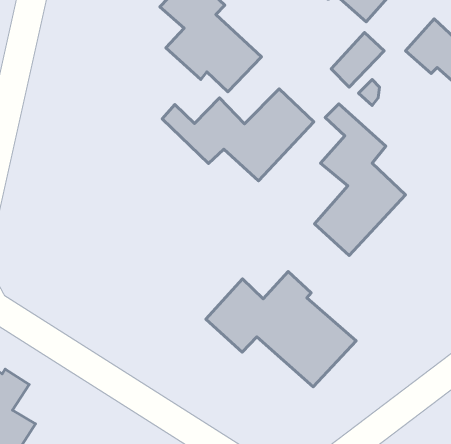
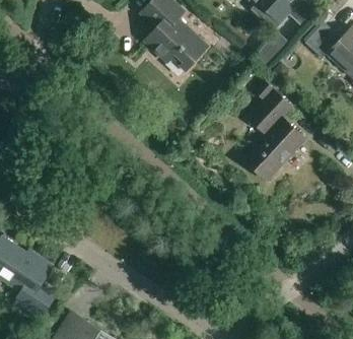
building: [162,89,314,181] -> none
building: [206,271,356,387] -> none

